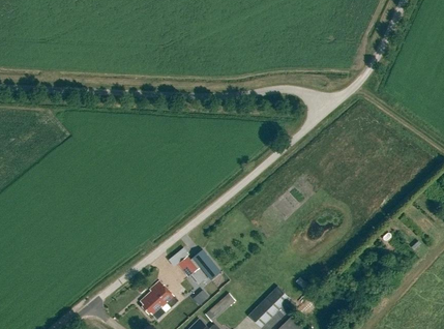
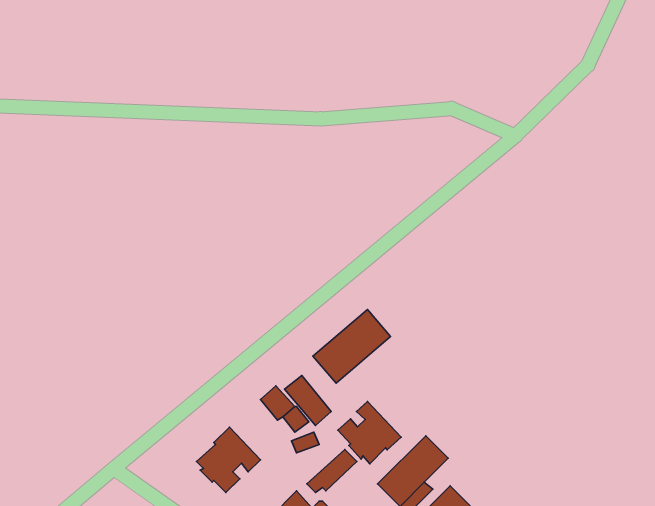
building: none -> [313,309,391,383]
building: none -> [338,402,401,464]

